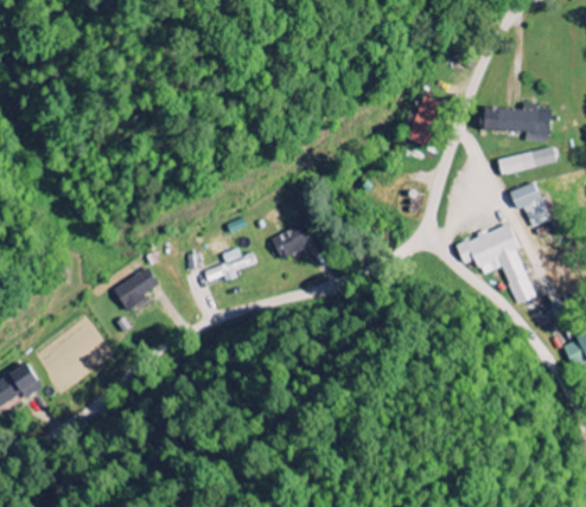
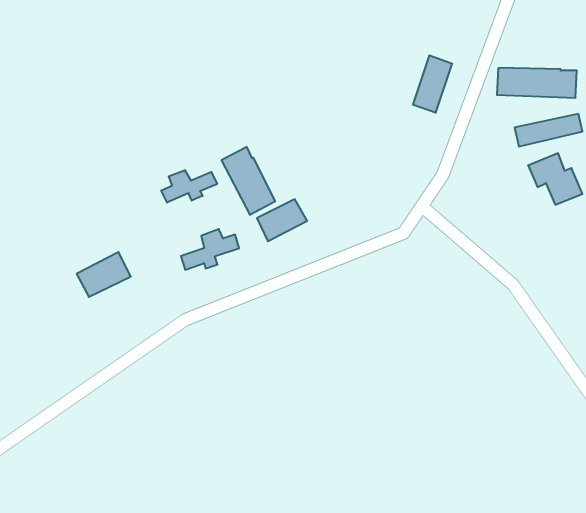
building: none -> [222,147,275,215]
building: none -> [161,170,217,203]
building: [457,224,536,304] -> none

